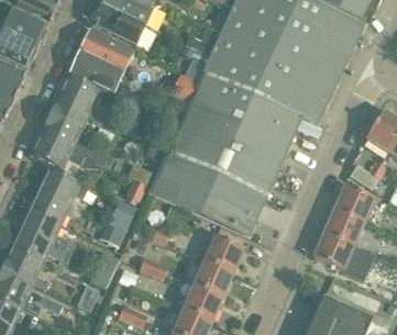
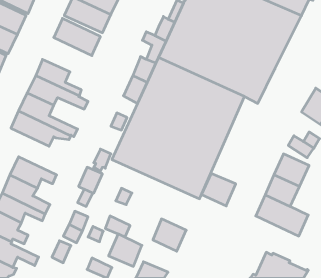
building: [69,51,123,91] -> none
building: [38,169,106,217] -> none
building: [203,235,243,272] -> [201,173,236,206]
building: [183,283,221,321] -> [109,234,142,266]

